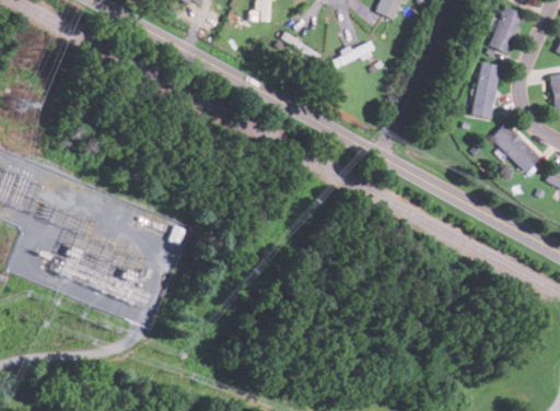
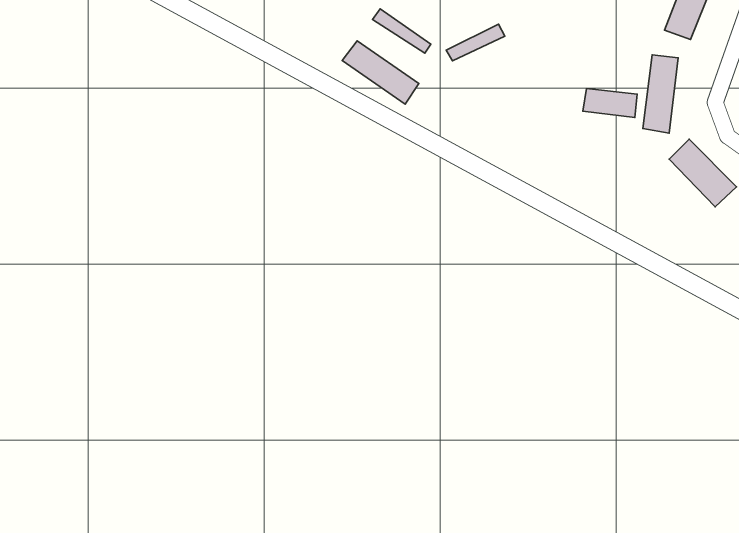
building: none -> [342,41,419,104]
building: none -> [583,88,637,118]

